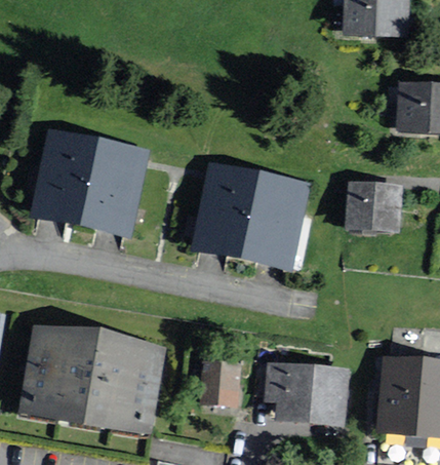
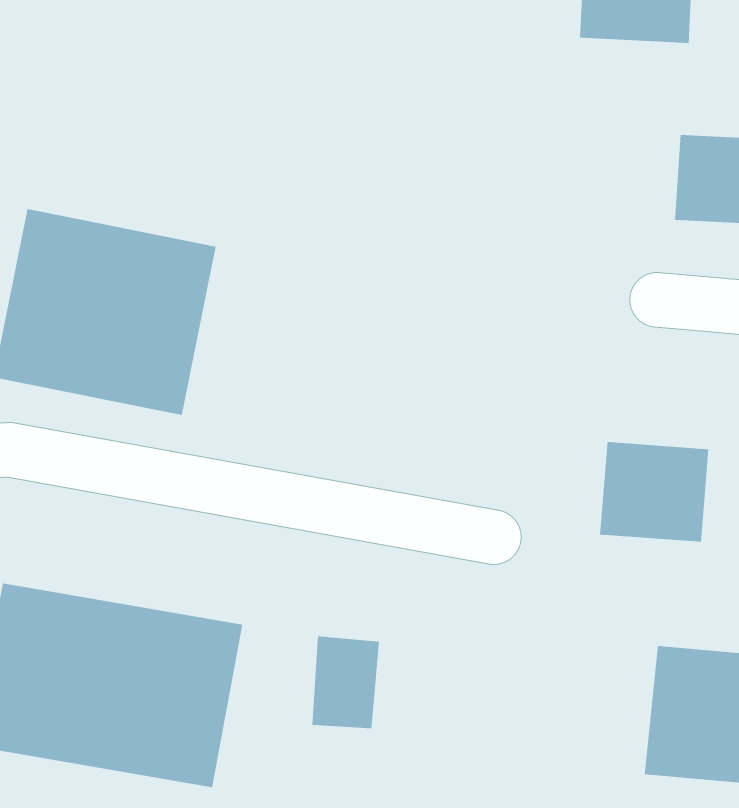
building: [192,157,312,269] -> none
building: [345,180,404,234] -> [599,442,709,542]
building: [266,361,350,429] -> none

